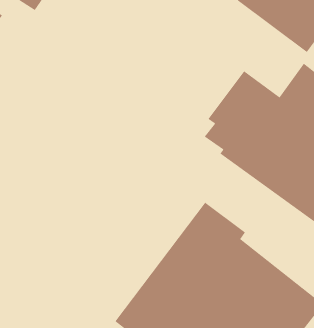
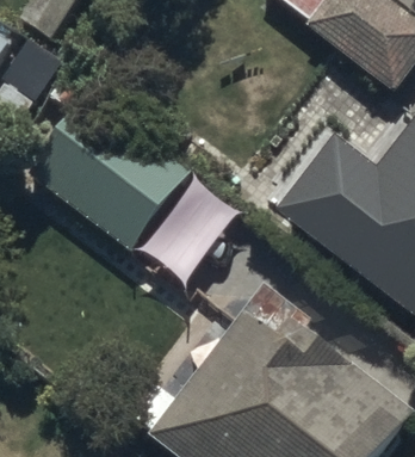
building: none -> [31,97,196,253]

